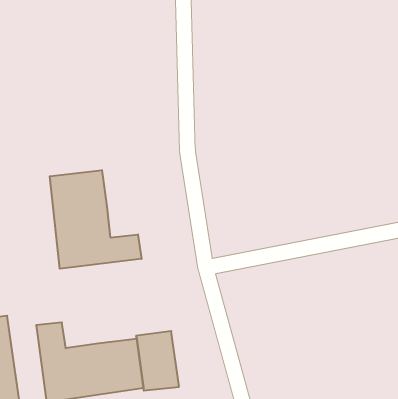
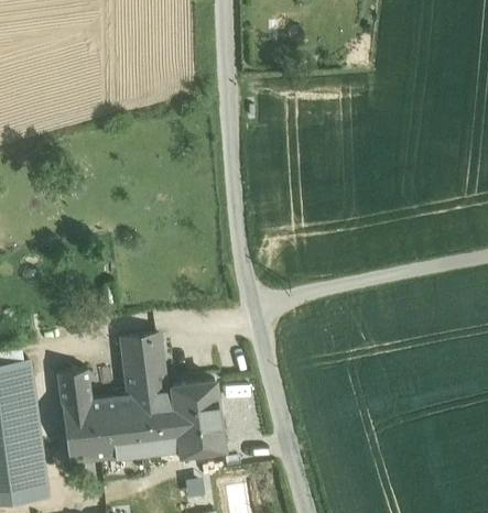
building: [50,170,142,269] -> none
building: none -> [122,337,164,395]

